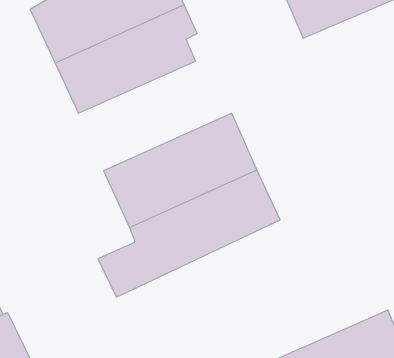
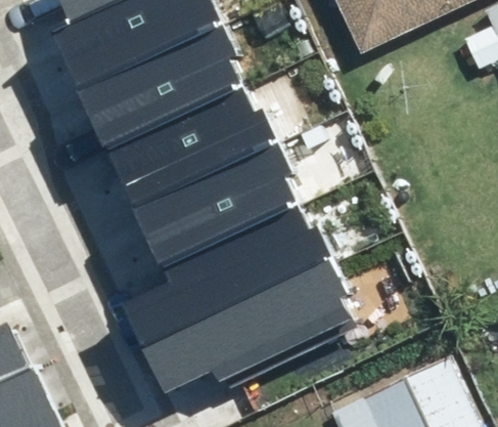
building: none -> [107,84,276,205]
building: none -> [149,259,357,388]

